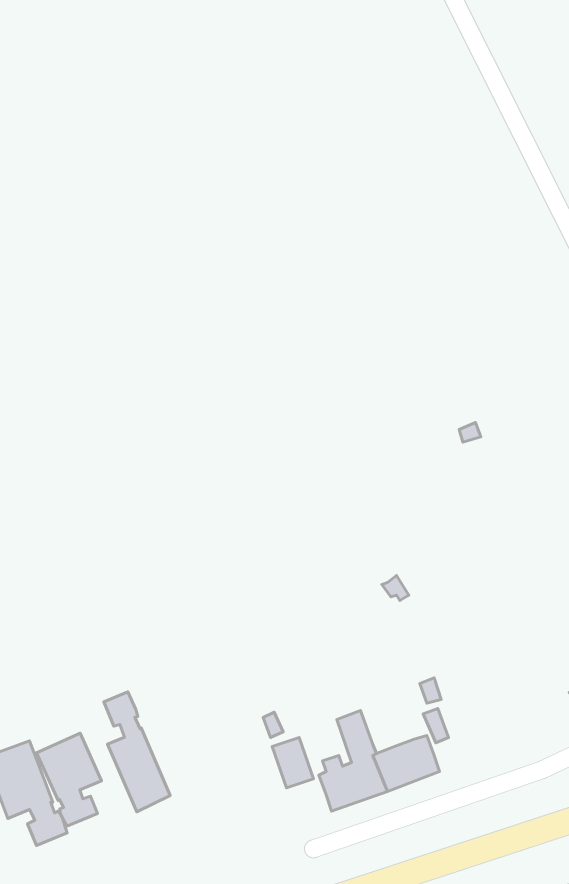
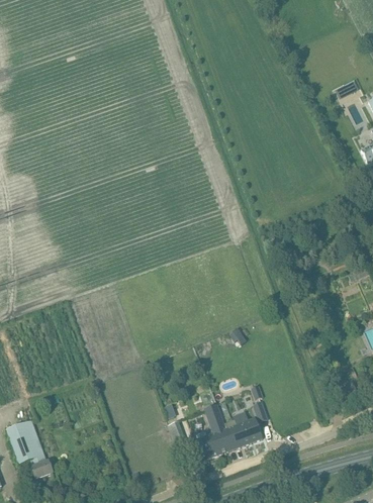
building: [104,692,170,812] -> none
building: [37,733,102,826] -> none

